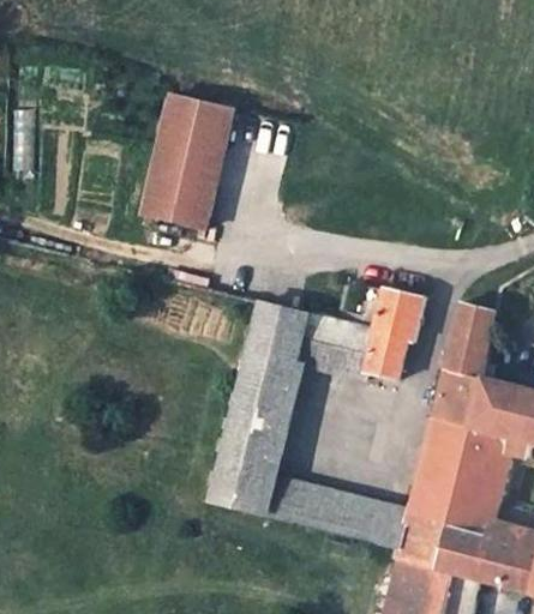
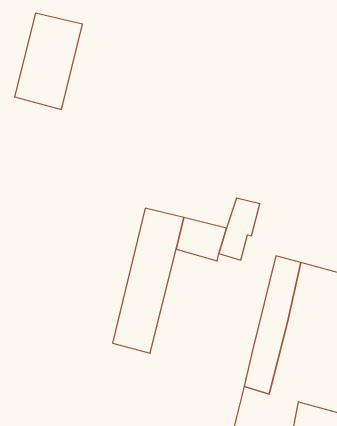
building: [143,96,240,234] -> [15,13,82,110]
building: [444,303,491,379] -> none
building: [264,470,410,546] -> none

